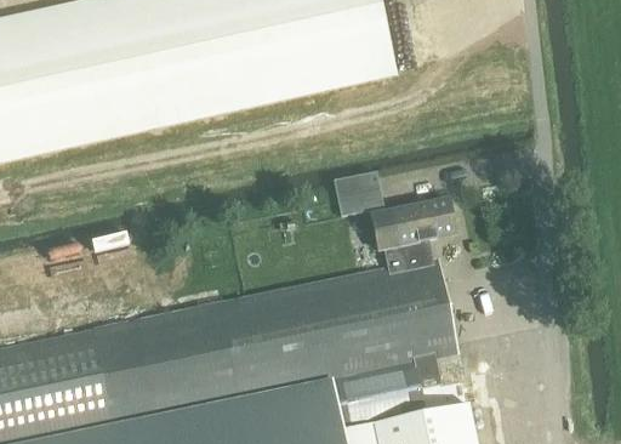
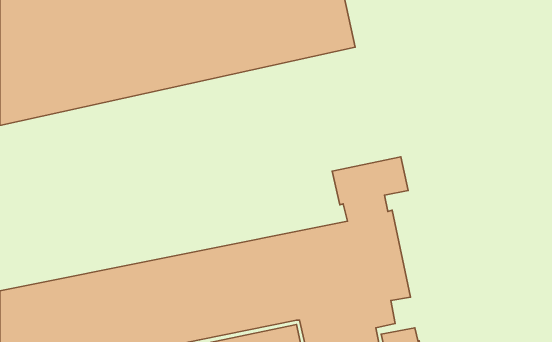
building: [334,171,384,216] -> none

